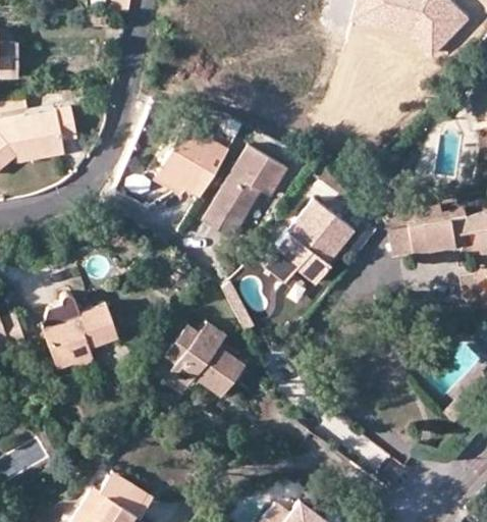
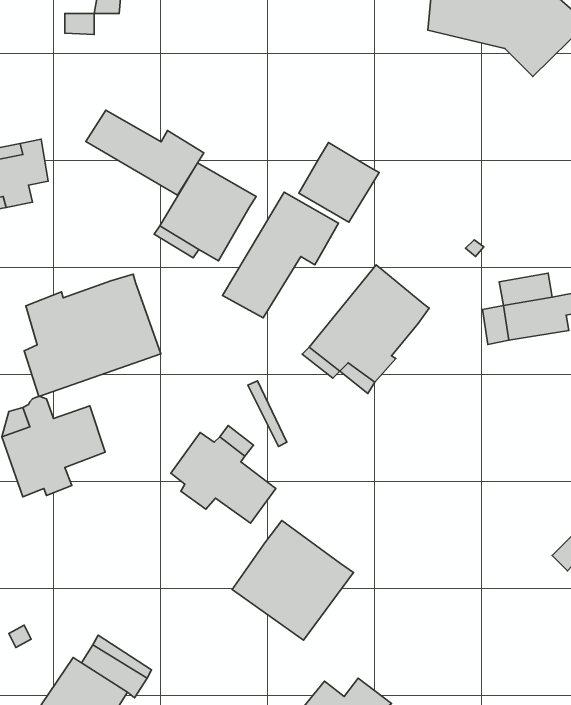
building: none -> [86,110,204,195]
building: none -> [299,143,379,222]
building: none -> [24,274,161,396]
building: none -> [232,520,354,640]

